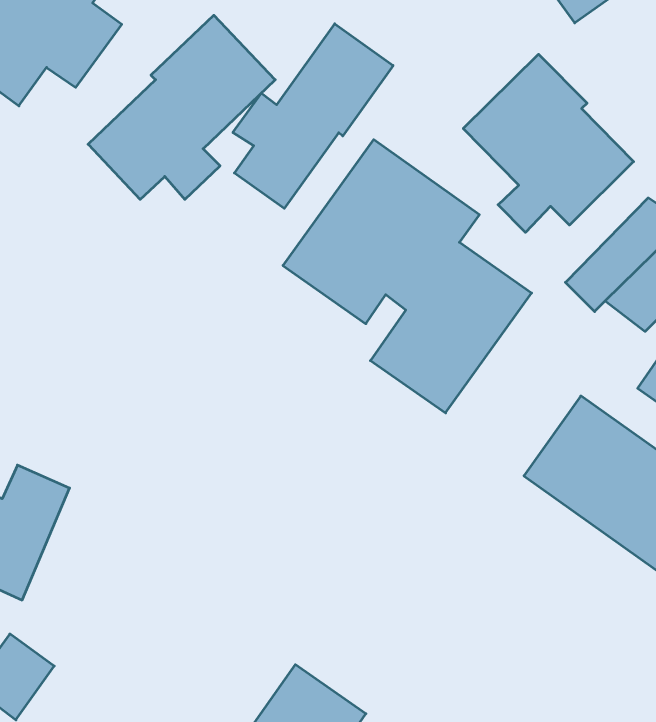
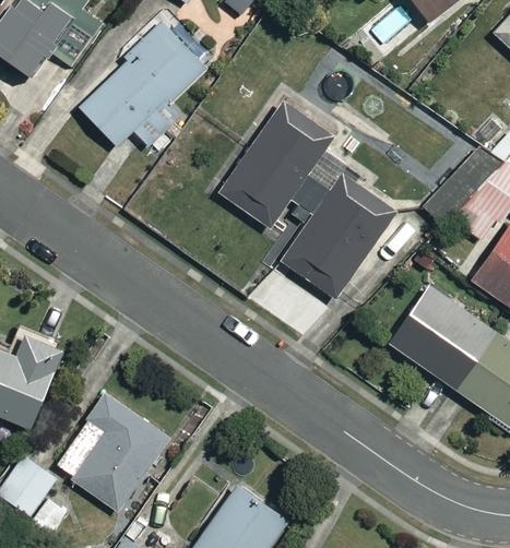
building: [233,24,393,208] -> none
building: [463,54,634,232] -> none
building: none -> [57,393,162,507]

